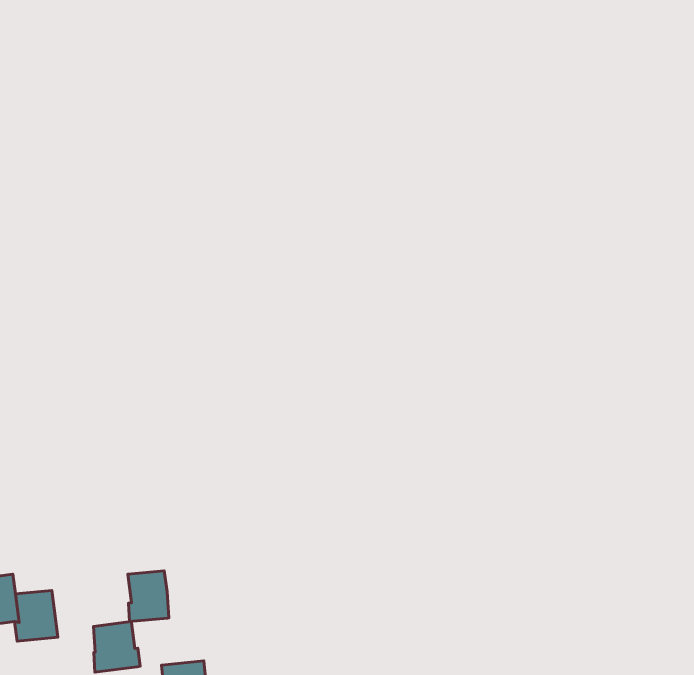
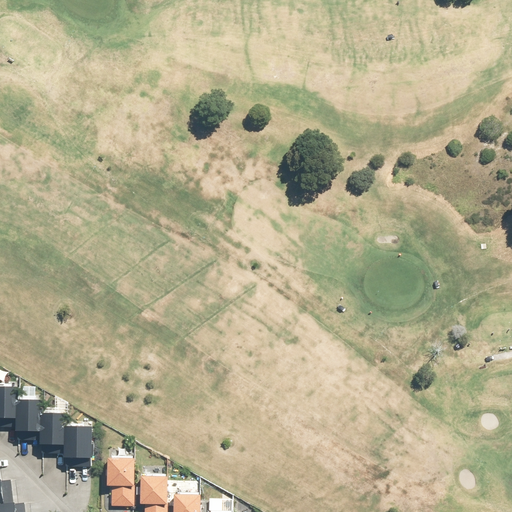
building: [128,571,169,622] -> [38,412,65,444]

